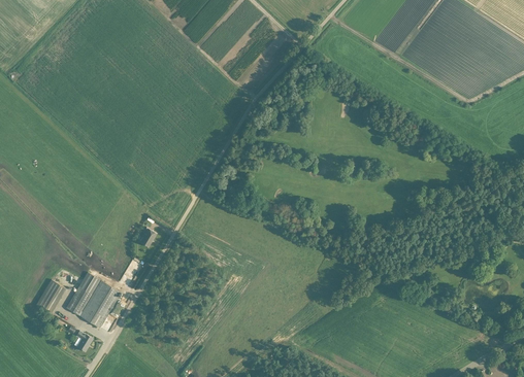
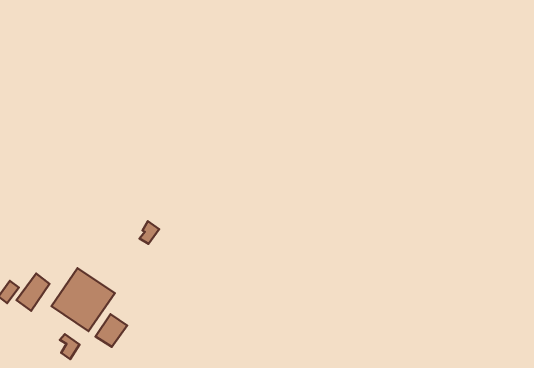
building: none -> [96,314,127,347]

